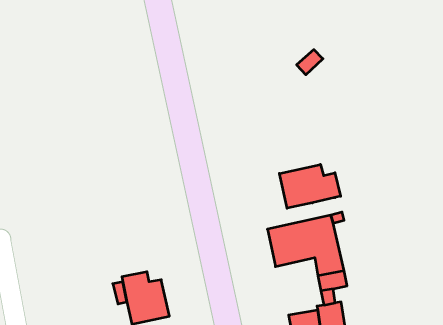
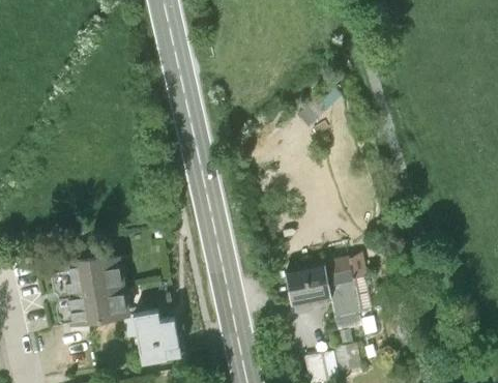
building: [279,164,341,208] -> none
building: none -> [62,259,131,330]

